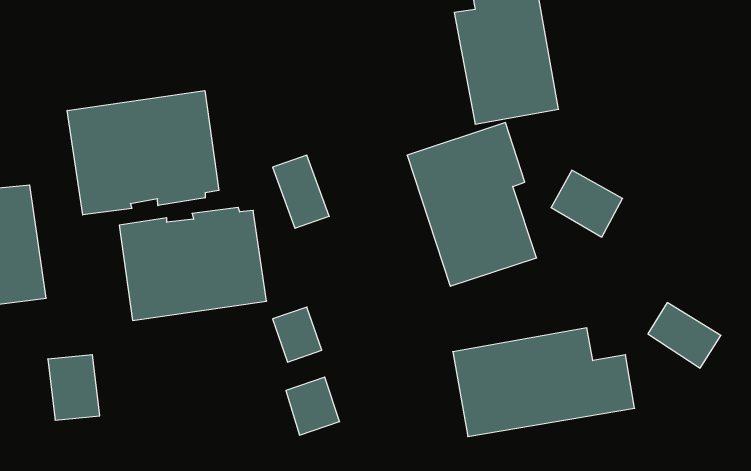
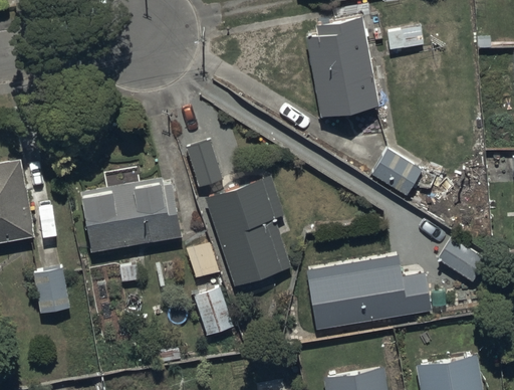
building: [67,91,219,215] -> none
building: [407,123,537,286] -> [204,177,291,287]

